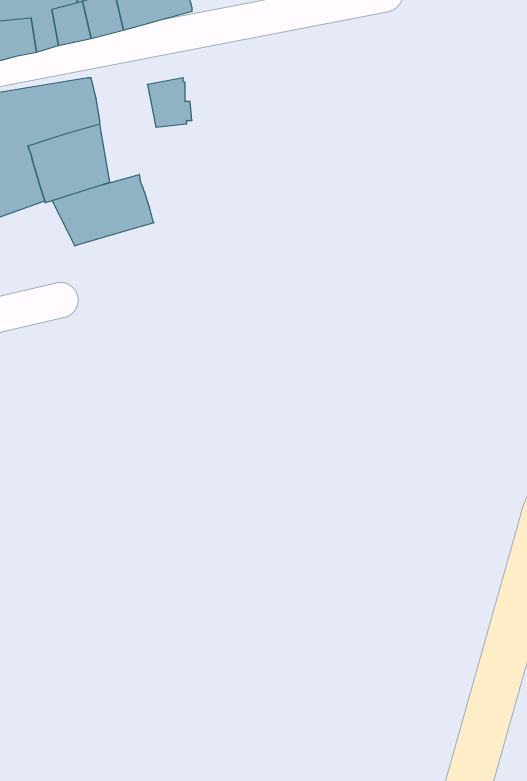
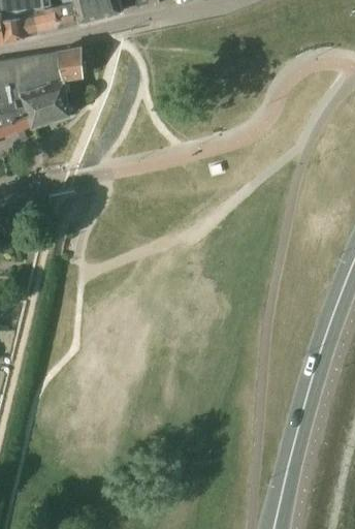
building: [147,78,192,127] -> [59,49,86,79]
building: [52,174,154,246] -> none

